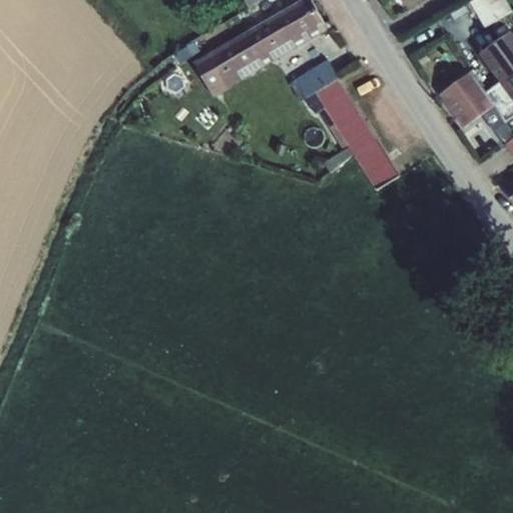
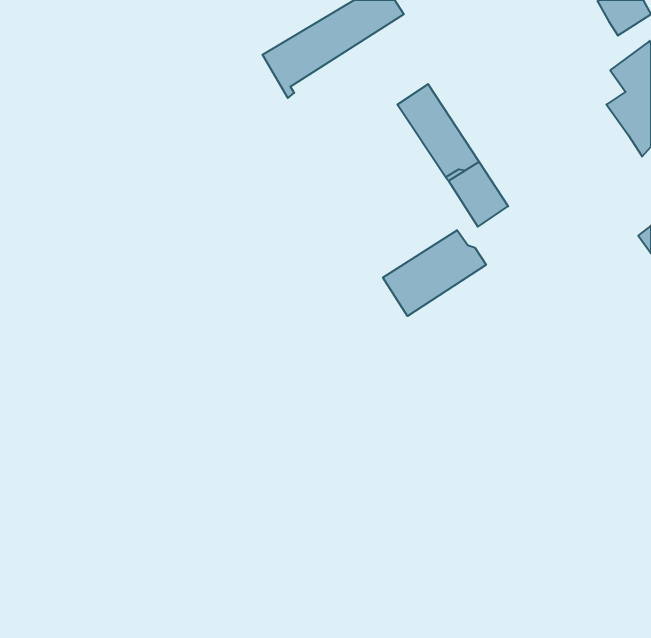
building: [293,60,337,97] -> none
building: [438,83,505,141] -> none
building: none -> [383,230,486,316]

